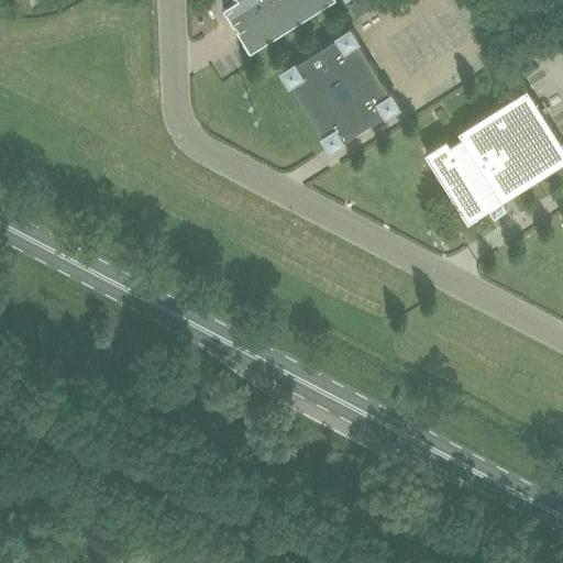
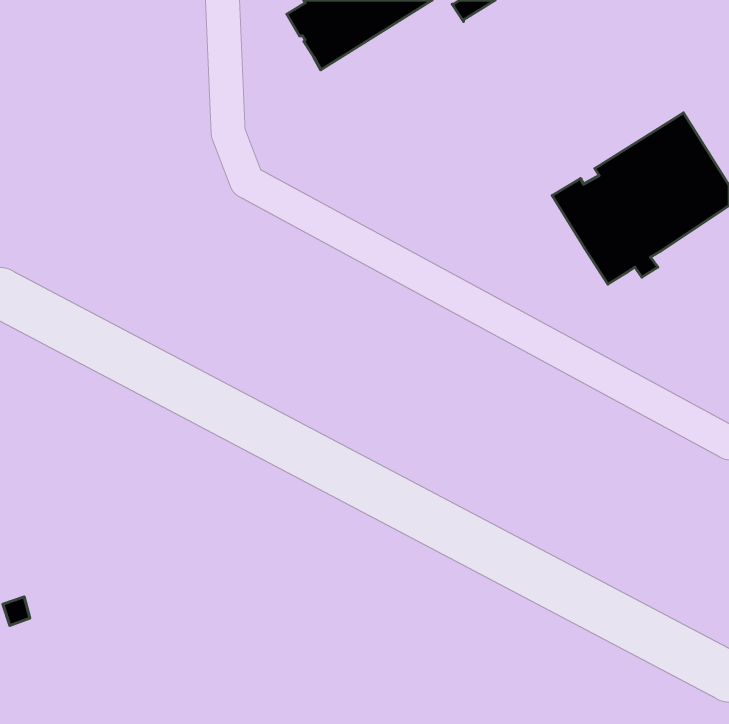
building: [282,30,399,152] -> none

